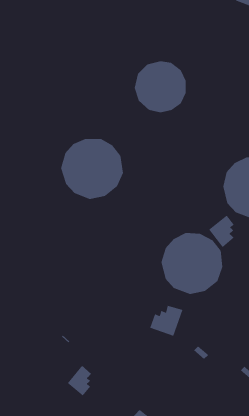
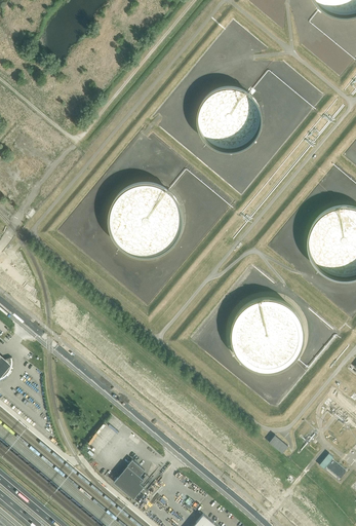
building: [208,215,235,248] -> none
building: [149,305,184,337] -> none

